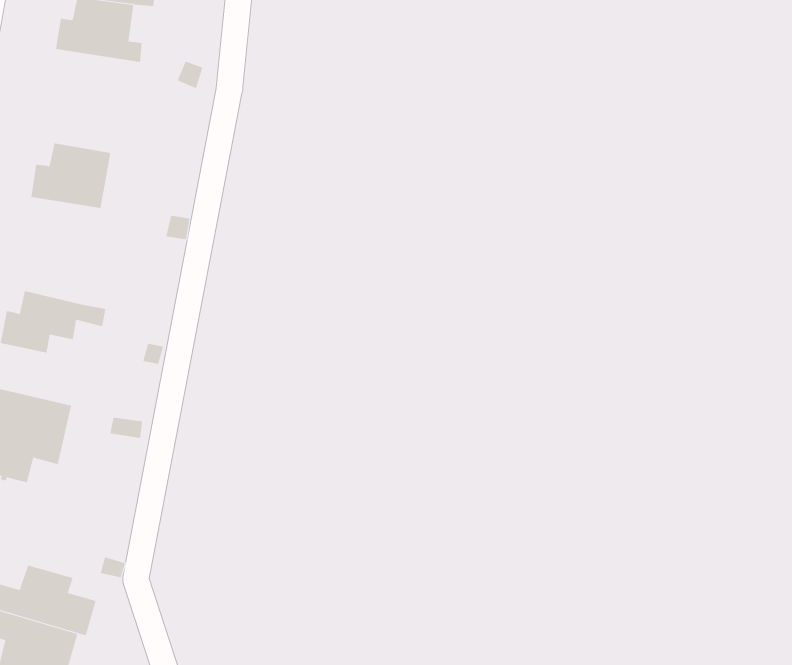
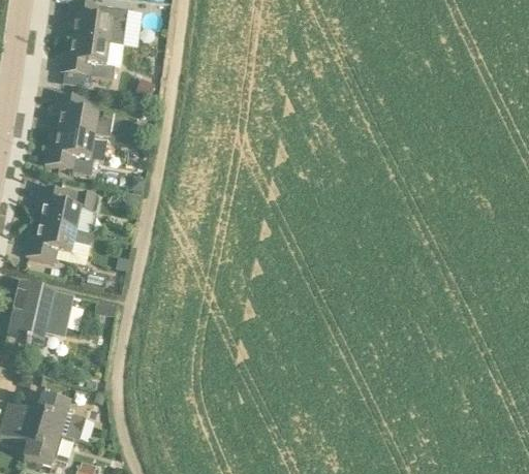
building: none -> [53,93,113,135]
building: none -> [35,185,96,230]

